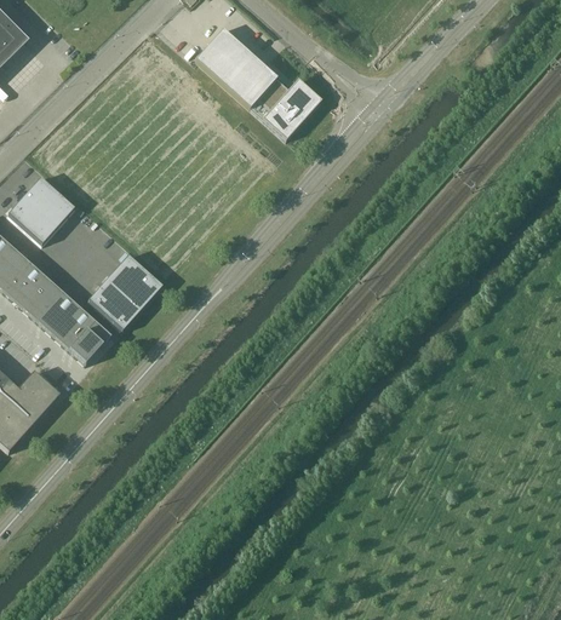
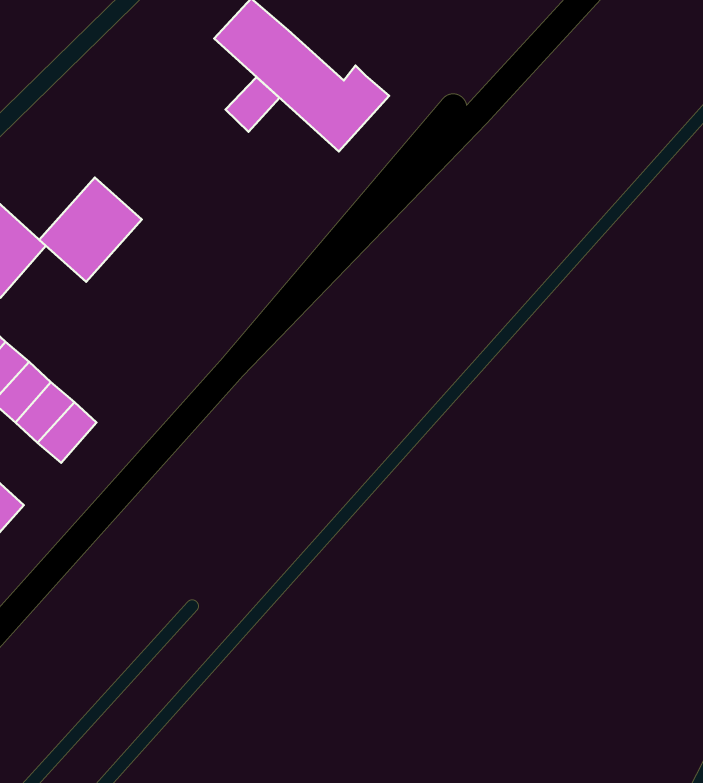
building: none -> [225,77,279,132]
building: [87,254,161,329] -> [39,177,142,282]

